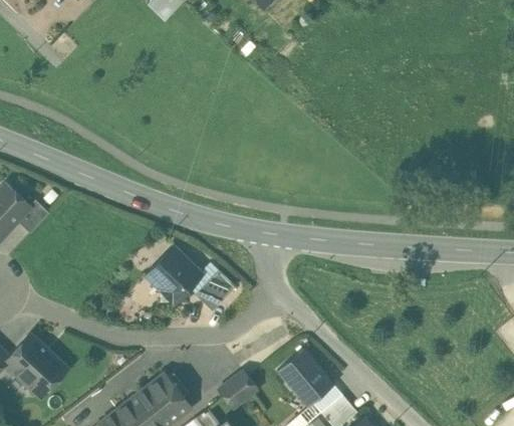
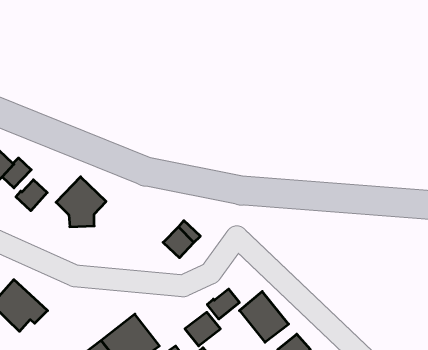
building: none -> [16,180,47,211]
building: [146,246,201,301] -> [56,177,106,227]
building: none -> [207,289,239,319]

